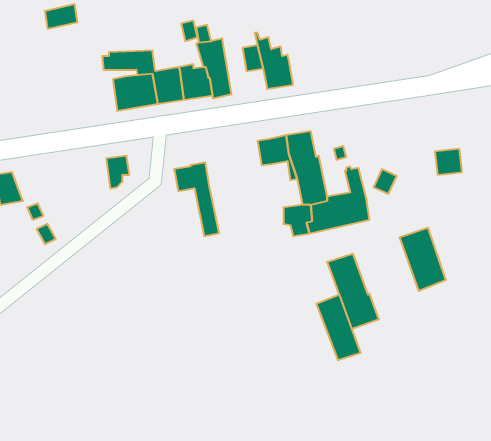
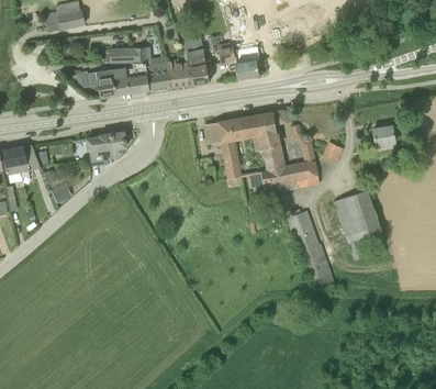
building: none -> [77,69,116,97]
building: none -> [86,133,111,165]
building: [174,162,219,236] -> [204,119,241,178]
building: [317,295,361,360] -> none

